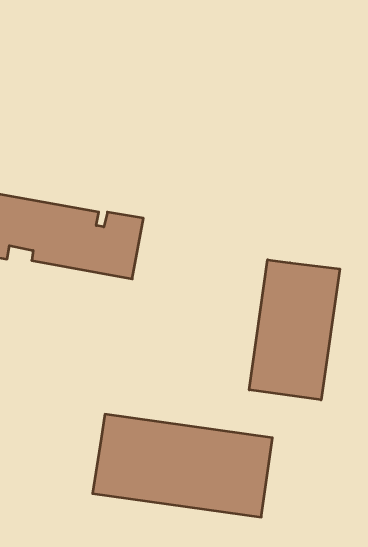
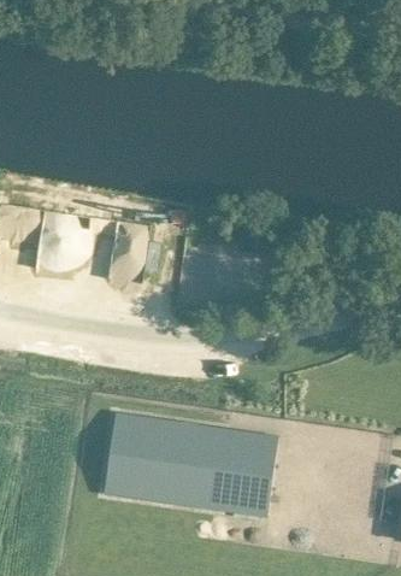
building: [249,260,340,400] -> none

